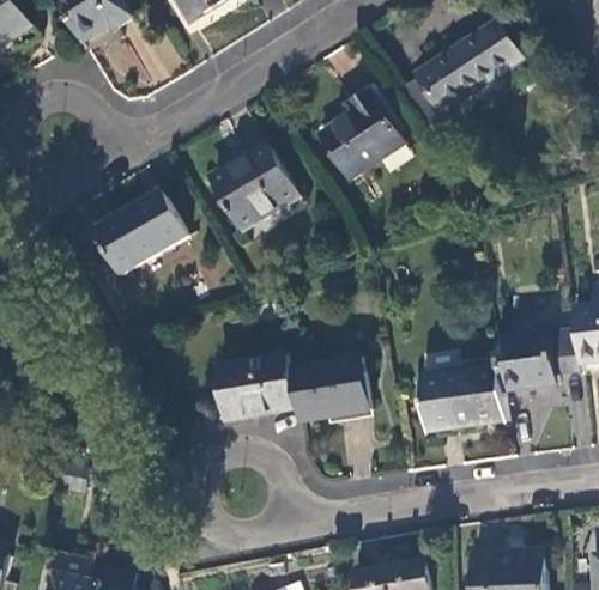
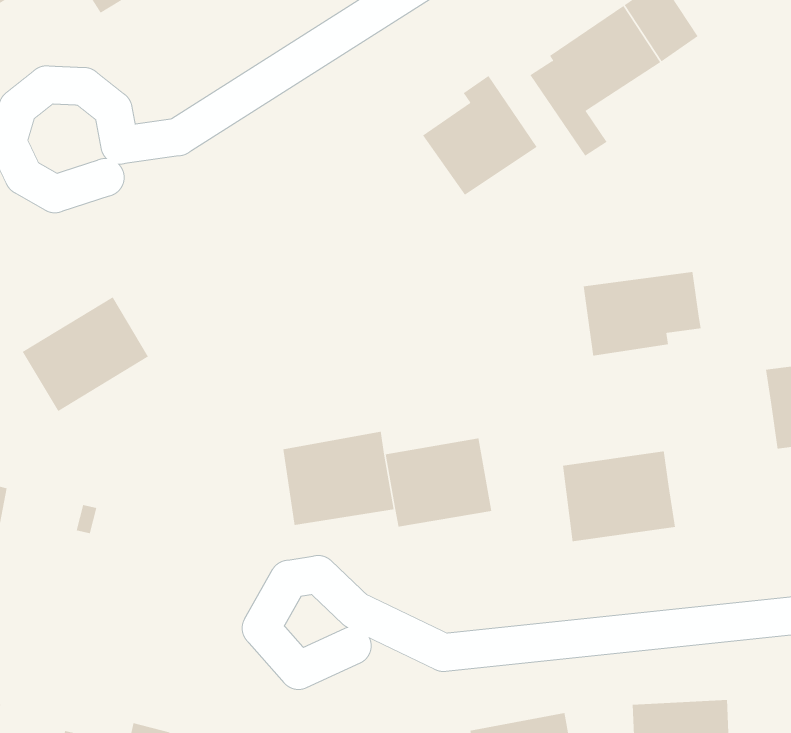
building: [210,142,298,231] -> none
building: [92,190,186,275] -> [22,296,149,412]
building: [494,330,581,393] -> [583,271,701,356]

